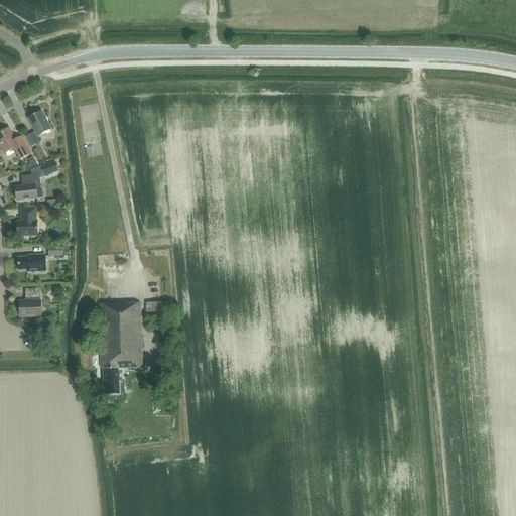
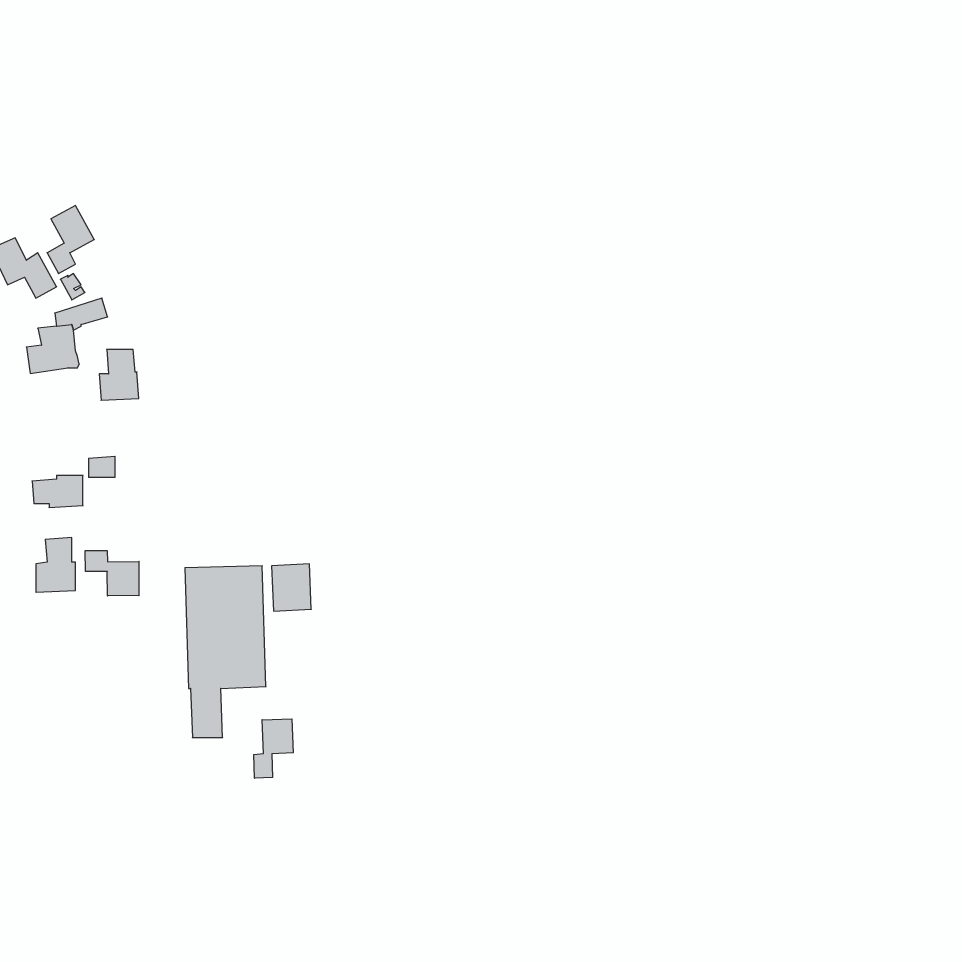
building: [16,208,37,235] -> [99,349,139,400]
building: none -> [85,551,139,596]
building: none -> [254,719,293,778]

